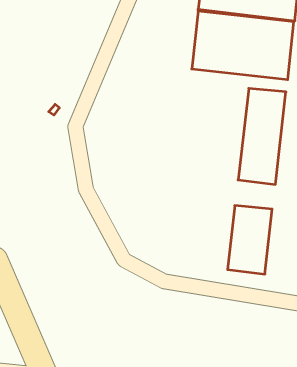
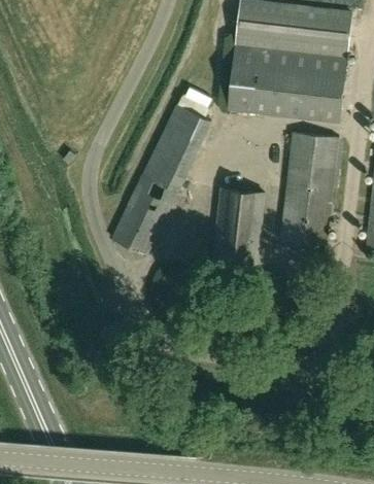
building: none -> [111,103,212,254]
building: [228,206,272,274] -> [212,187,264,267]

